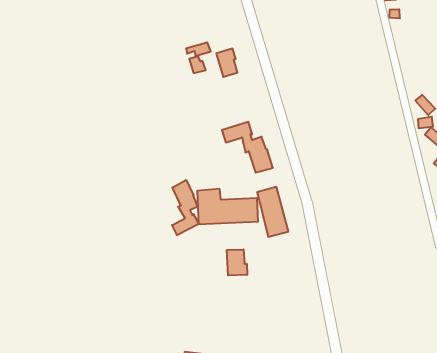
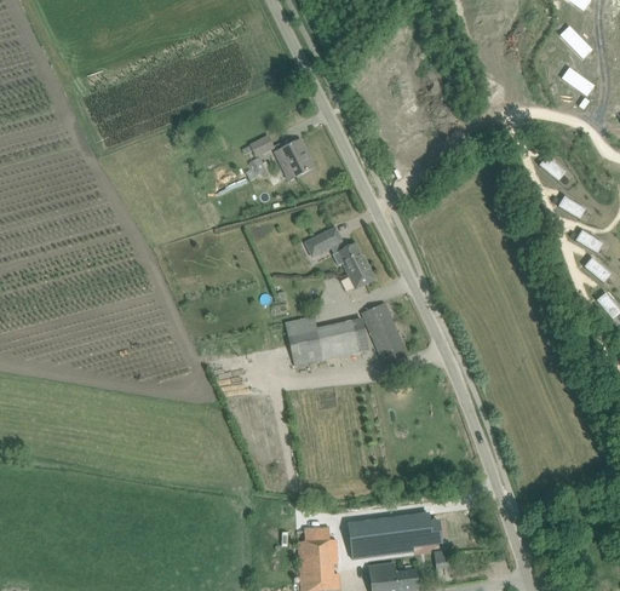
building: [172,180,198,235] -> none
building: [227,249,247,275] -> none

